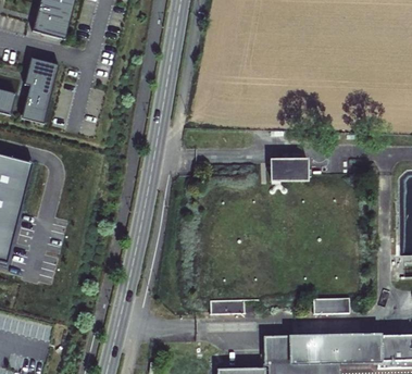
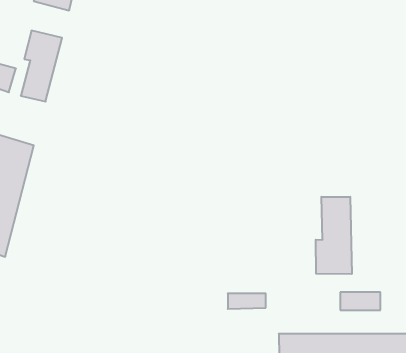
building: [272,158,309,183] -> none
building: none -> [316,197,352,274]

